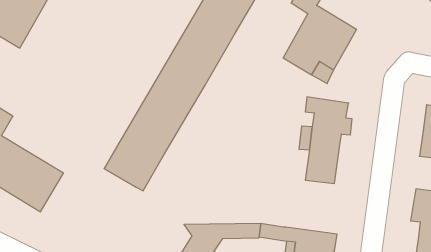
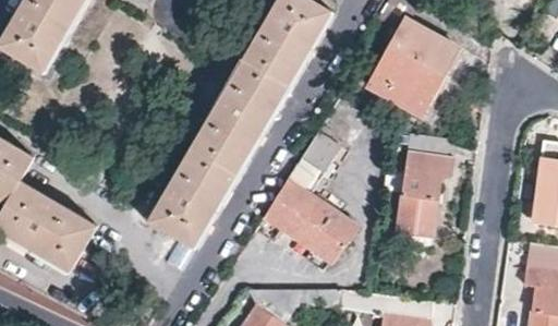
building: none -> [262,98,357,263]

